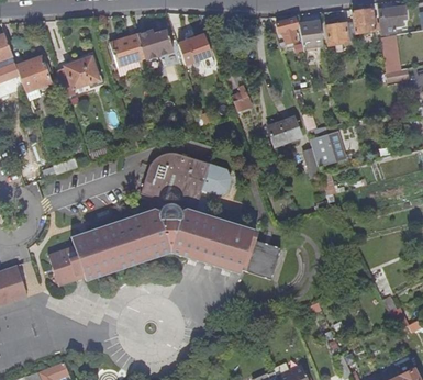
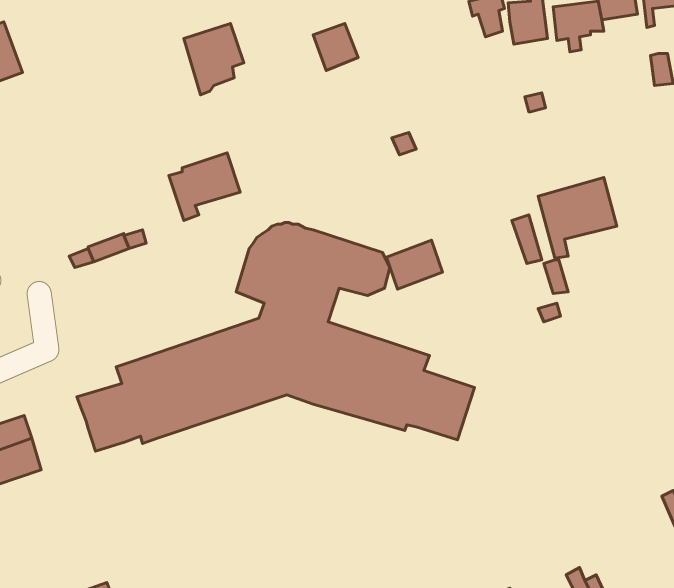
building: [137,30,174,60] -> none
building: [16,57,49,92] -> none
building: [57,57,99,97] -> [169,153,240,220]
building: [268,116,301,145] -> [386,240,443,289]

